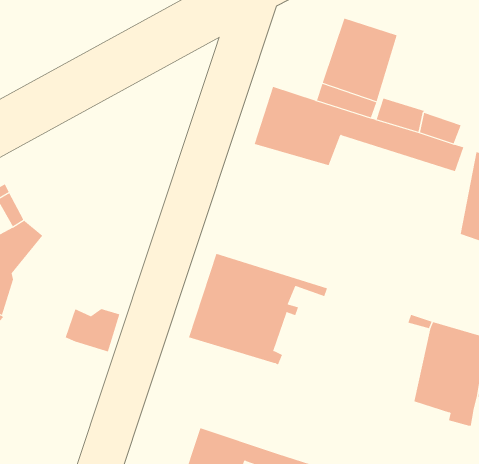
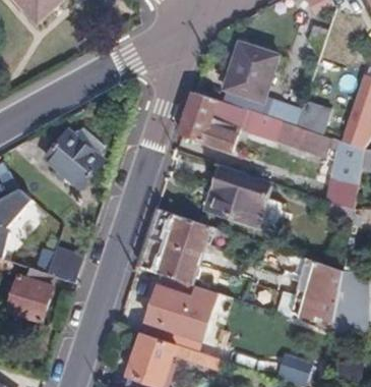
building: none -> [45,126,102,183]
building: none -> [208,164,262,223]
building: none -> [10,265,54,316]
building: none -> [141,287,214,350]

